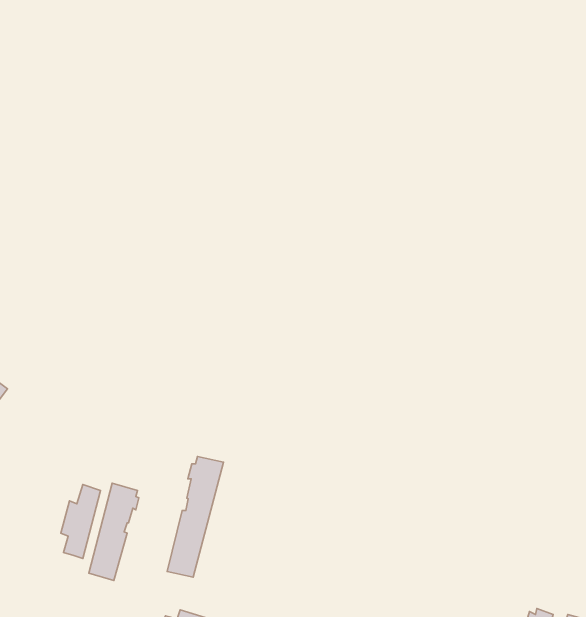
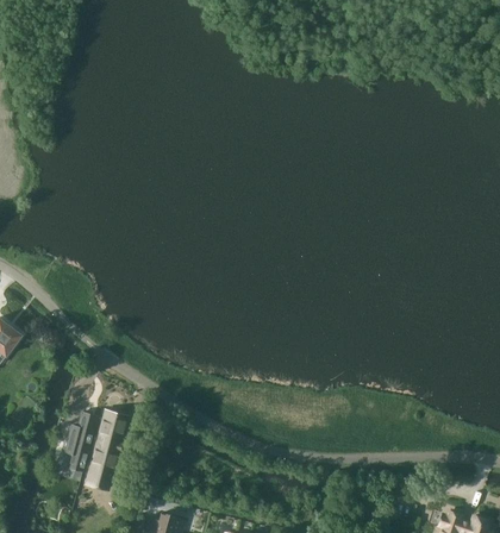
building: [167,456,223,577] -> none

